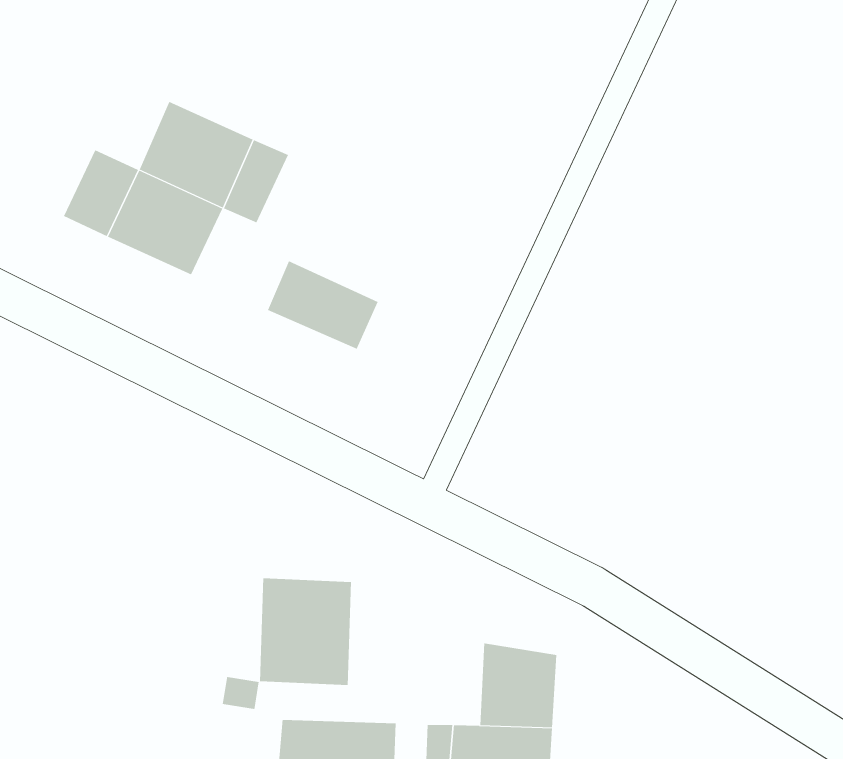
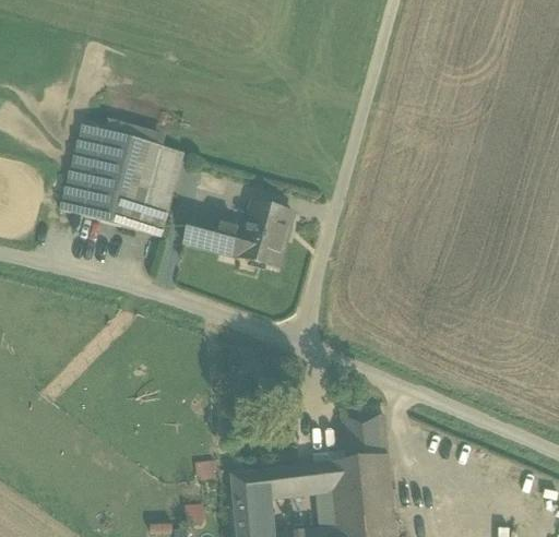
building: none -> [69,123,107,174]
building: none -> [136,188,169,235]
building: none -> [239,201,293,267]
building: [260,578,351,686] -> none

